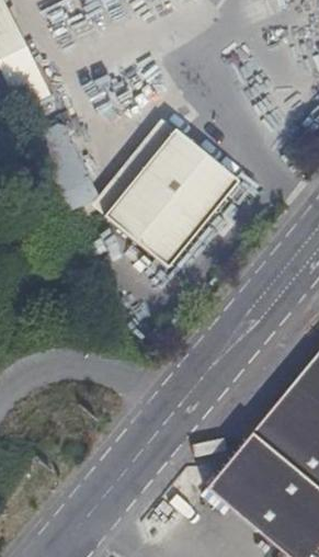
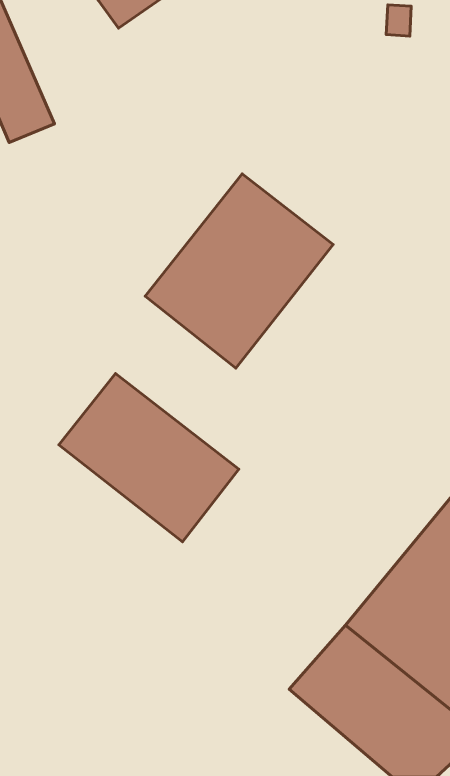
building: none -> [59,374,239,542]

